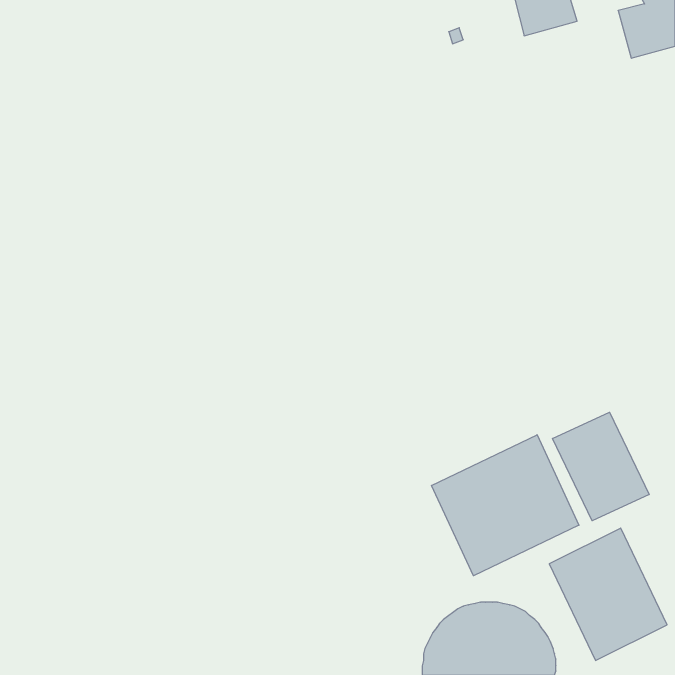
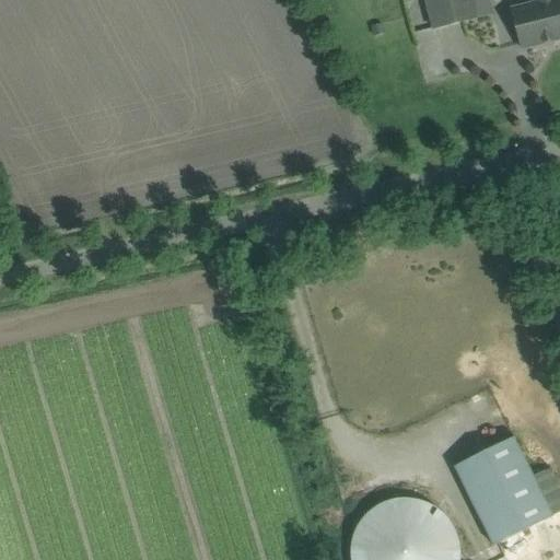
building: [553,412,649,521] -> none
building: [432,435,579,576] -> none

